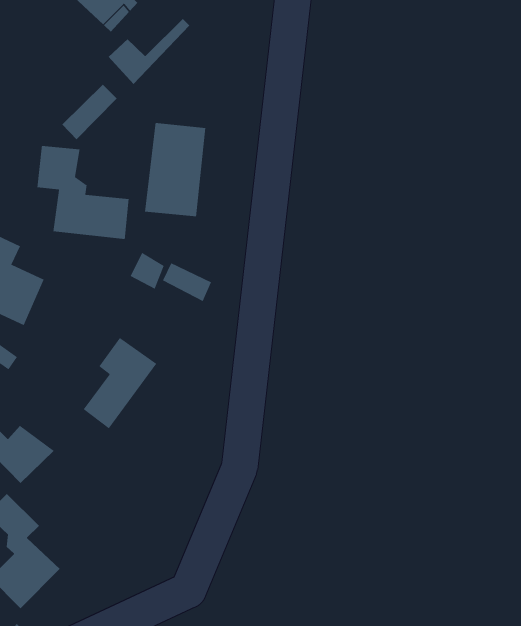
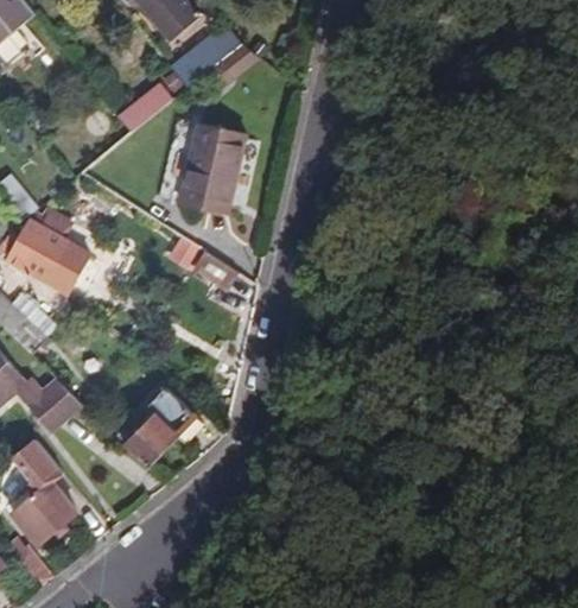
building: [37,145,129,240] -> none
building: [83,337,157,429] -> [122,385,192,466]

